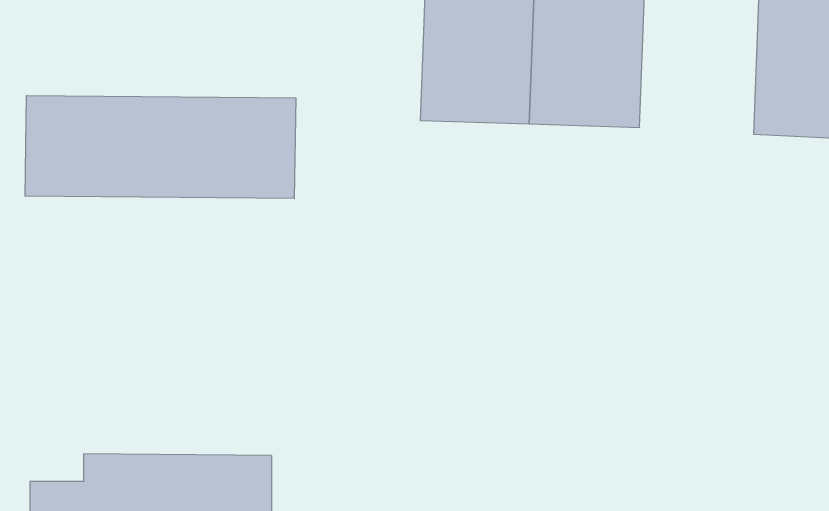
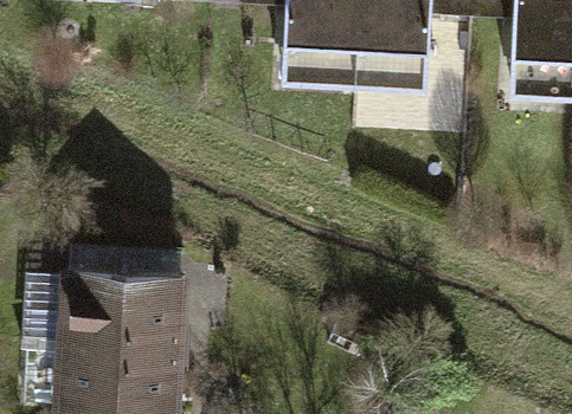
building: [25,95,296,199] -> none
building: none -> [58,251,188,337]

